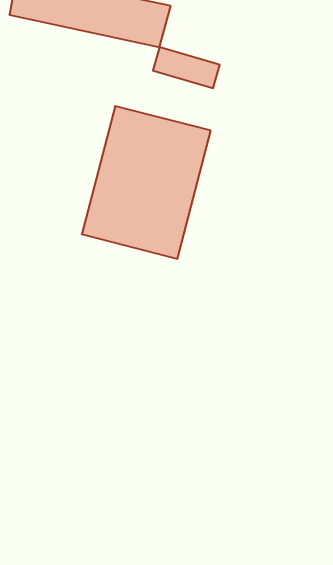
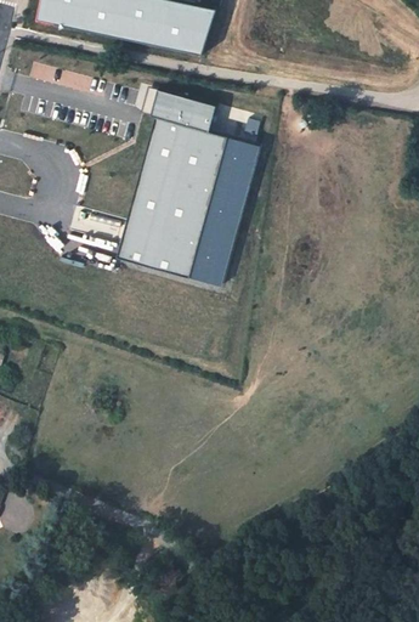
building: [153,47,220,88] -> [141,86,214,131]

